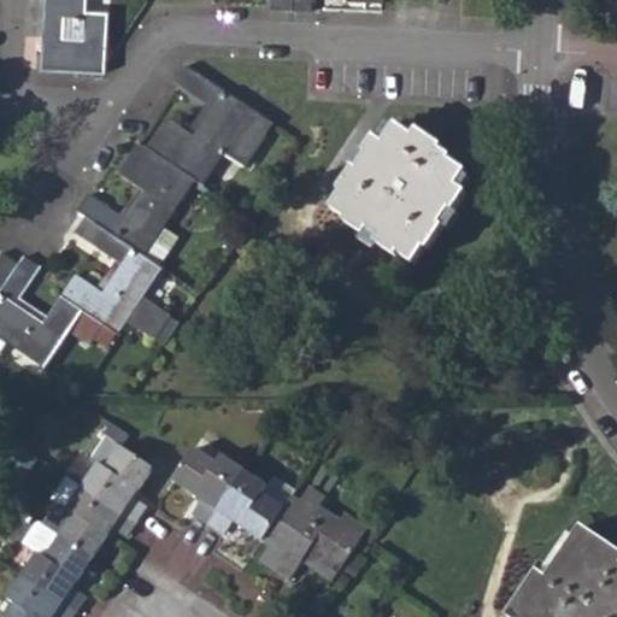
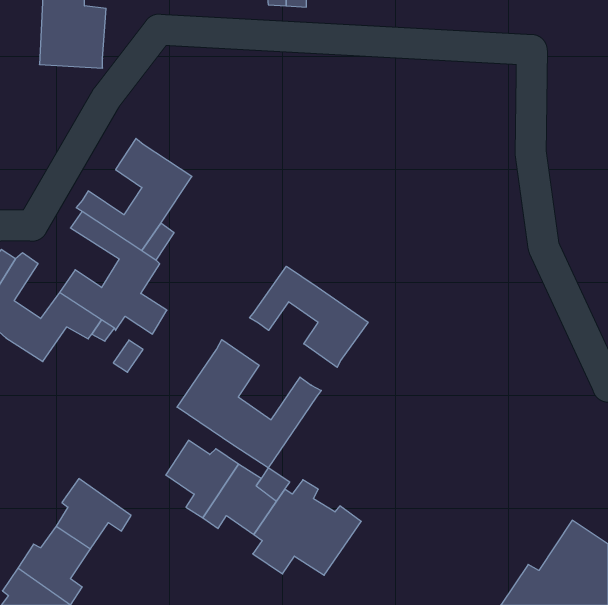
building: [145,64,272,183] -> none
building: [331,124,464,262] -> none
building: none -> [250,266,368,367]
building: none -> [177,340,321,468]
building: [80,443,151,521] -> none

